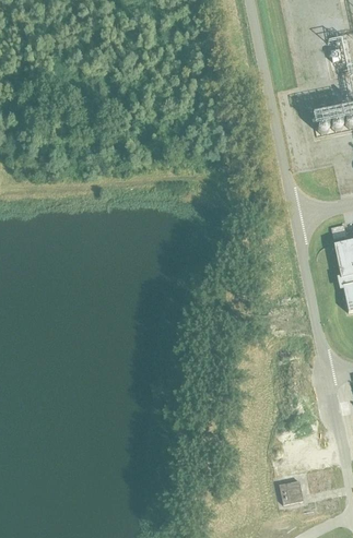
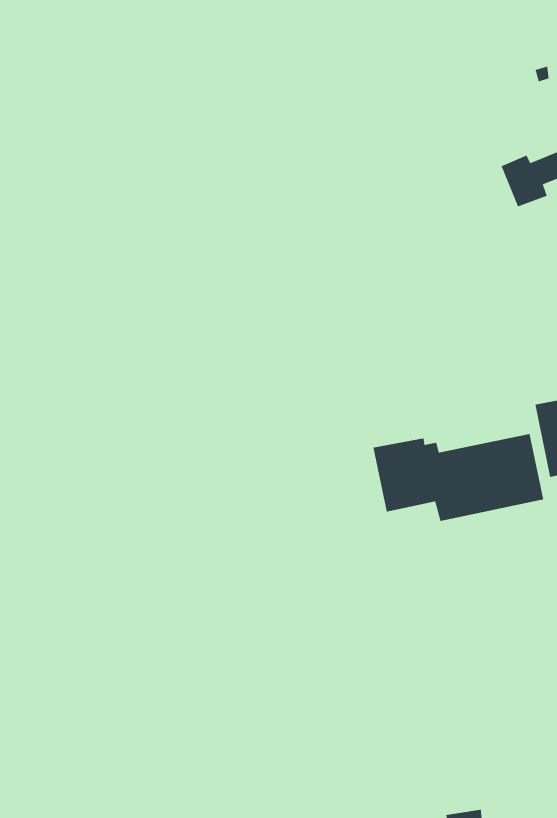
building: none -> [373,433,544,522]

